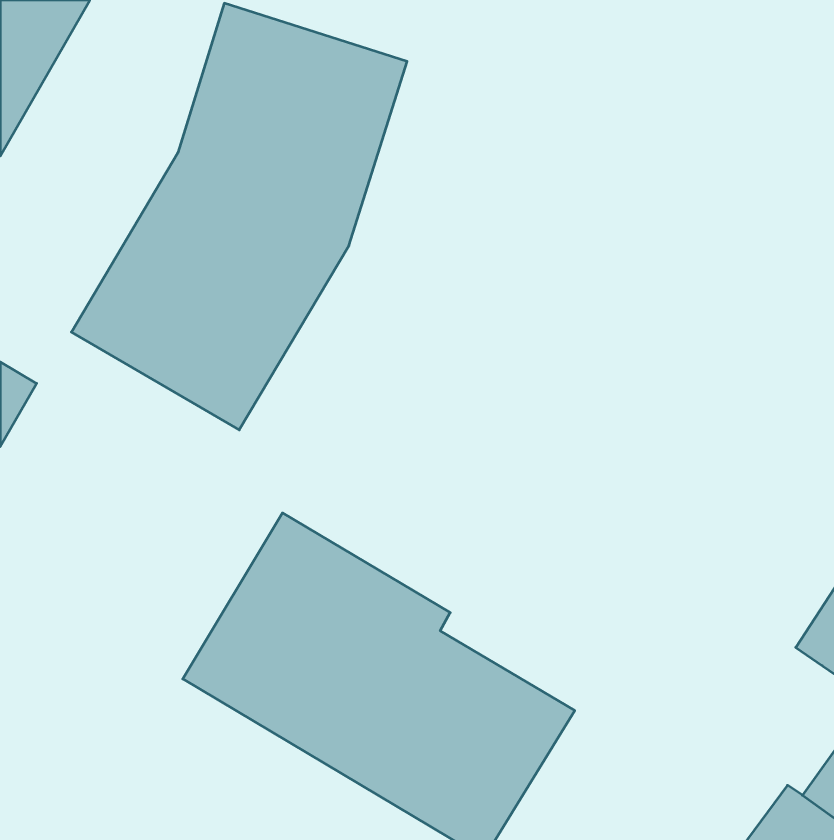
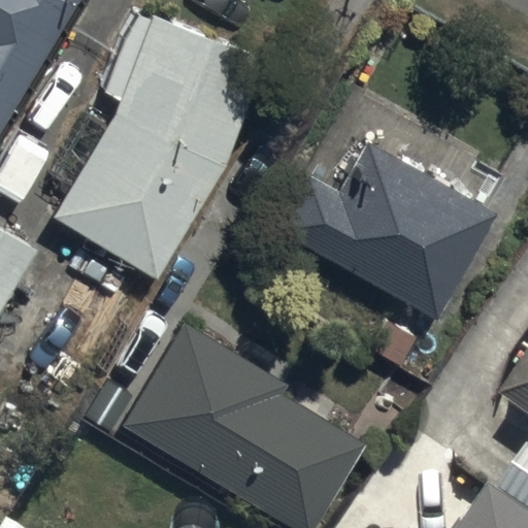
building: none -> [279,140,499,324]

